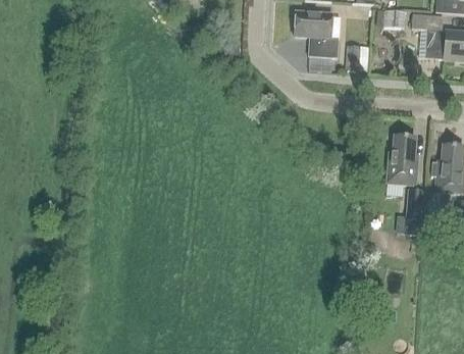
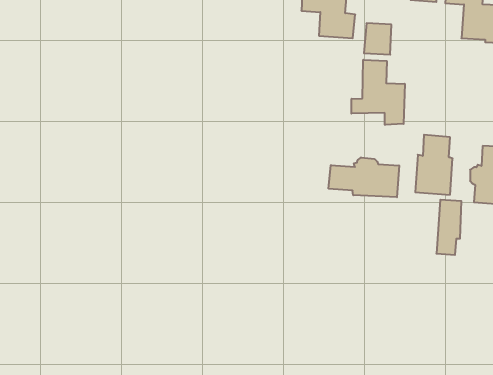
building: none -> [351,60,405,125]
building: none -> [329,157,399,197]

